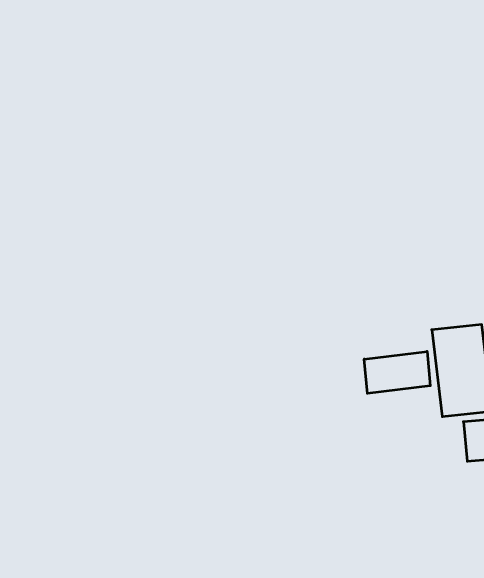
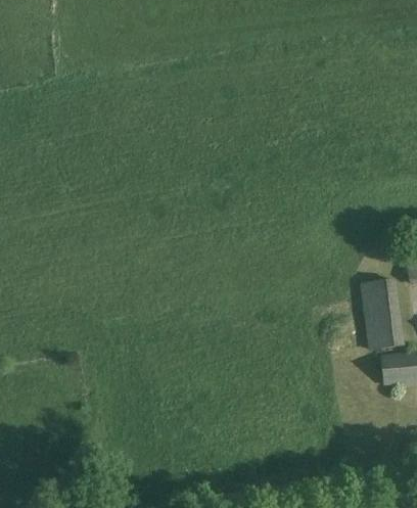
building: [364,351,430,393] -> none

